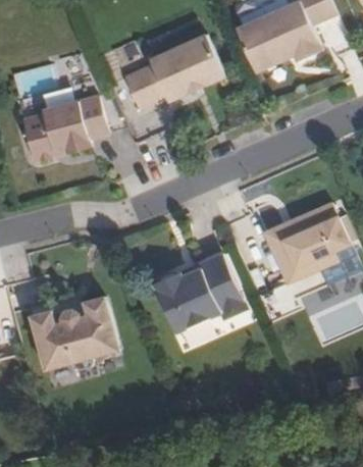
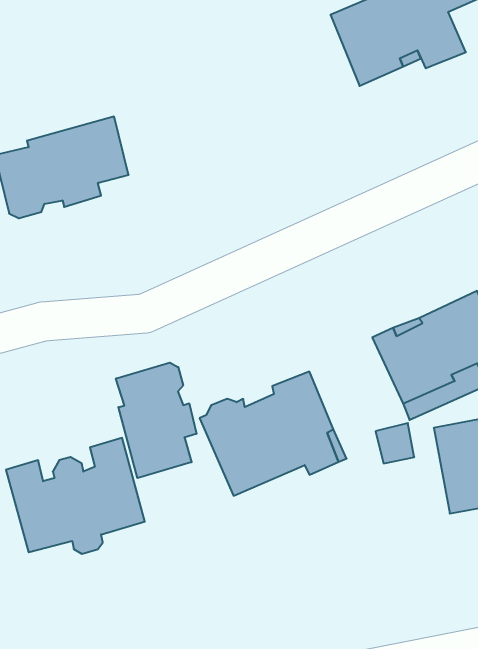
building: [124,34,225,109] -> none
building: none -> [116,363,196,478]

